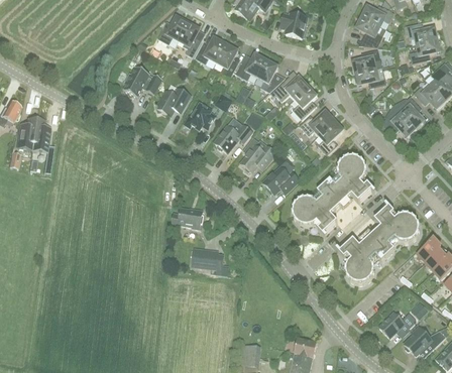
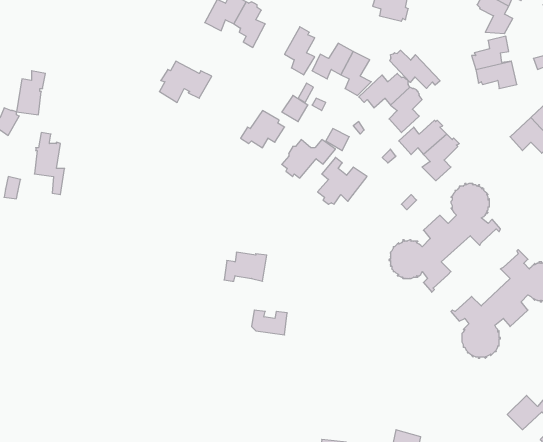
building: [196,35,227,63] -> none
building: none -> [390,50,440,88]
building: [155,87,190,114] -> none
building: [16,116,37,148] -> [16,71,45,115]
building: [263,165,300,193] -> none

